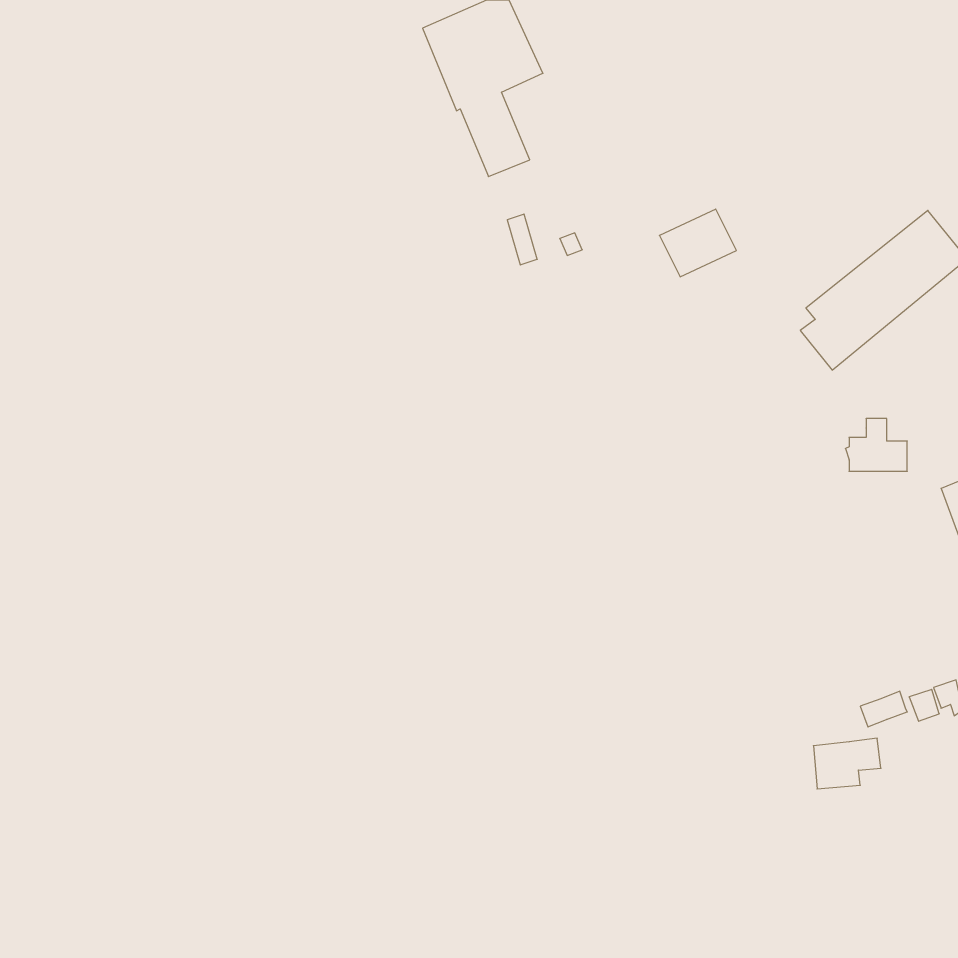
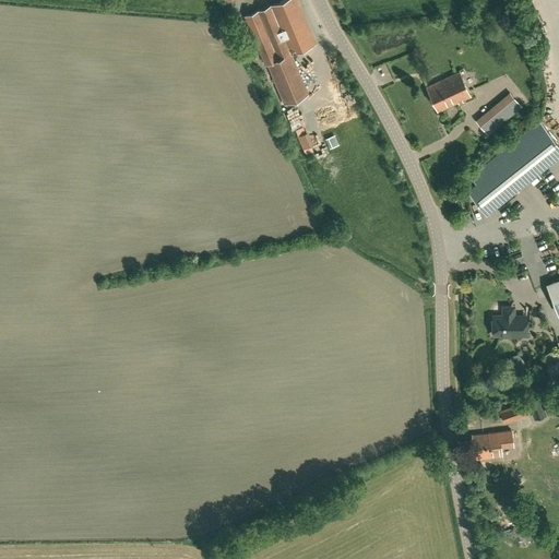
building: none -> [477,94,522,135]
building: [659,209,736,277] -> [427,73,472,112]
building: [845,419,907,471] -> [491,306,527,336]

